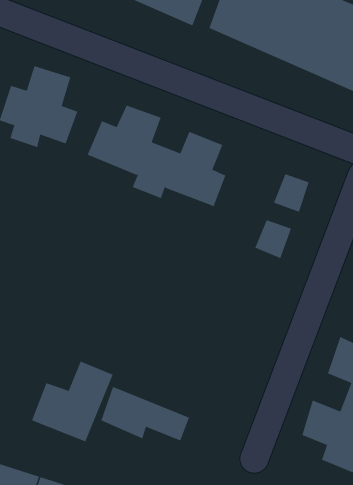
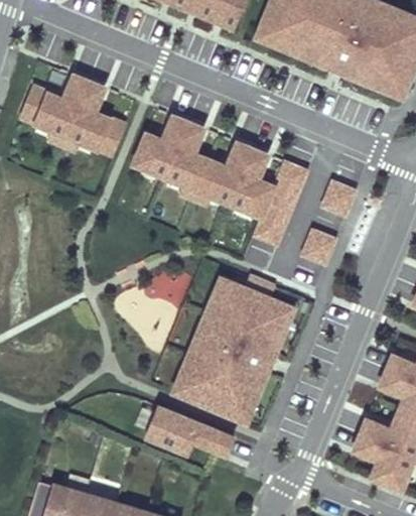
building: none -> [253,161,313,250]
building: none -> [169,273,294,425]
building: [31,361,113,442] -> [107,262,191,346]

